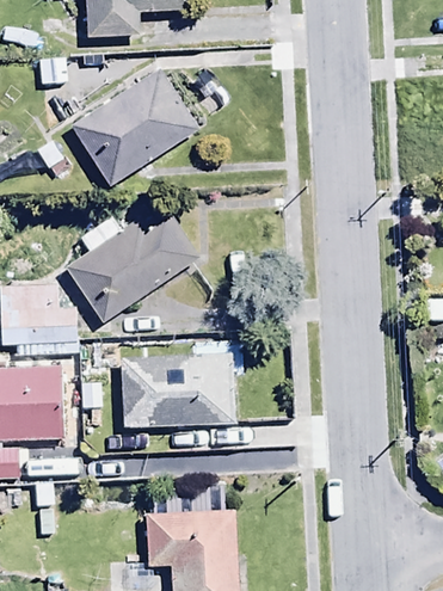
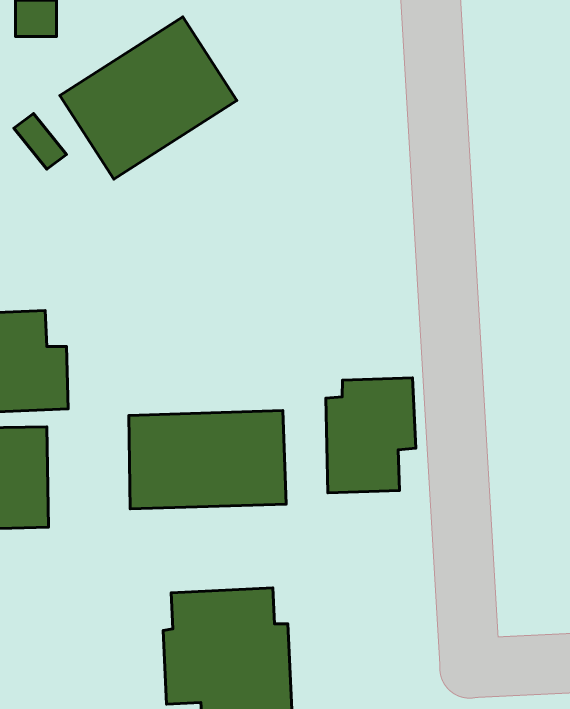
building: [68,204,198,321] -> none
building: none -> [326,378,416,493]

